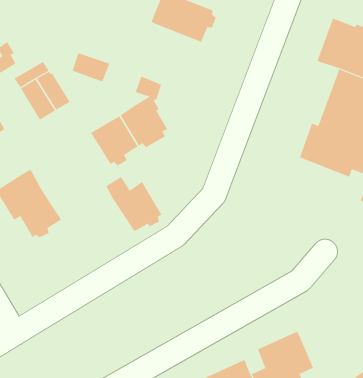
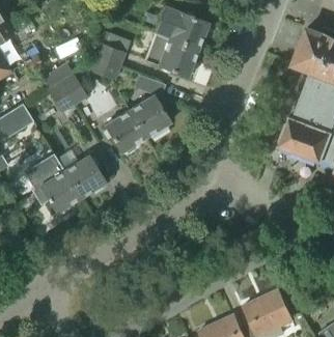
building: none -> [93,32,130,66]
building: none -> [144,32,197,76]
building: [105,176,162,232] -> [56,150,104,197]

